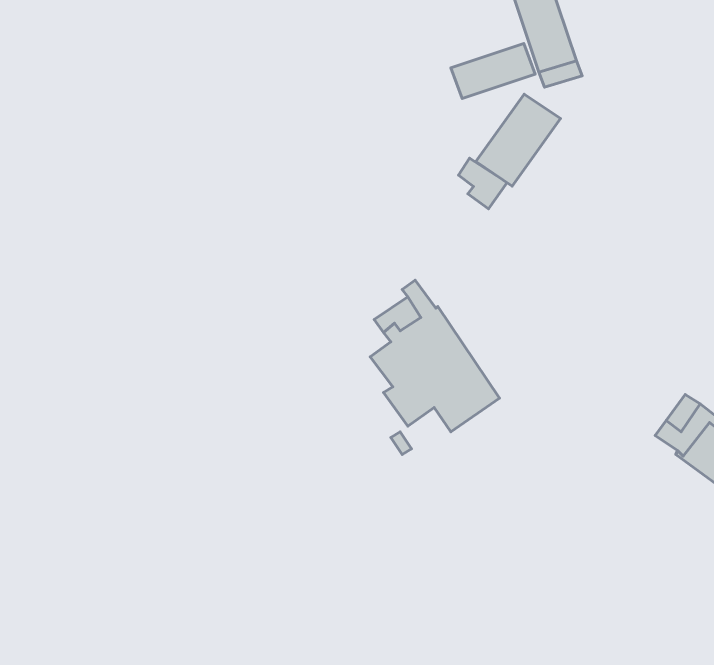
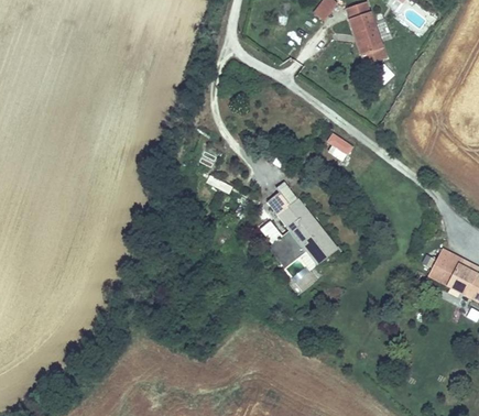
building: [451,43,535,99] -> none
building: [476,94,560,186] -> none

